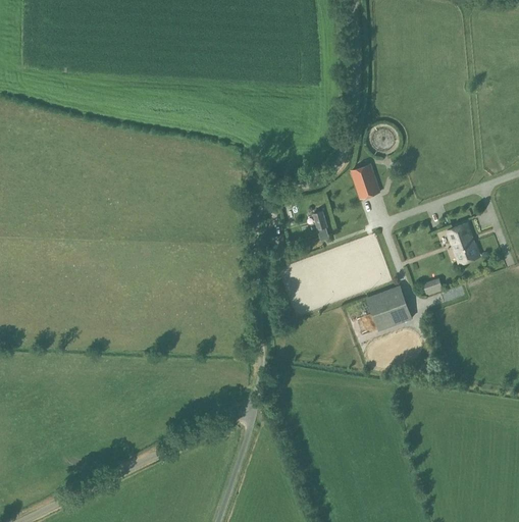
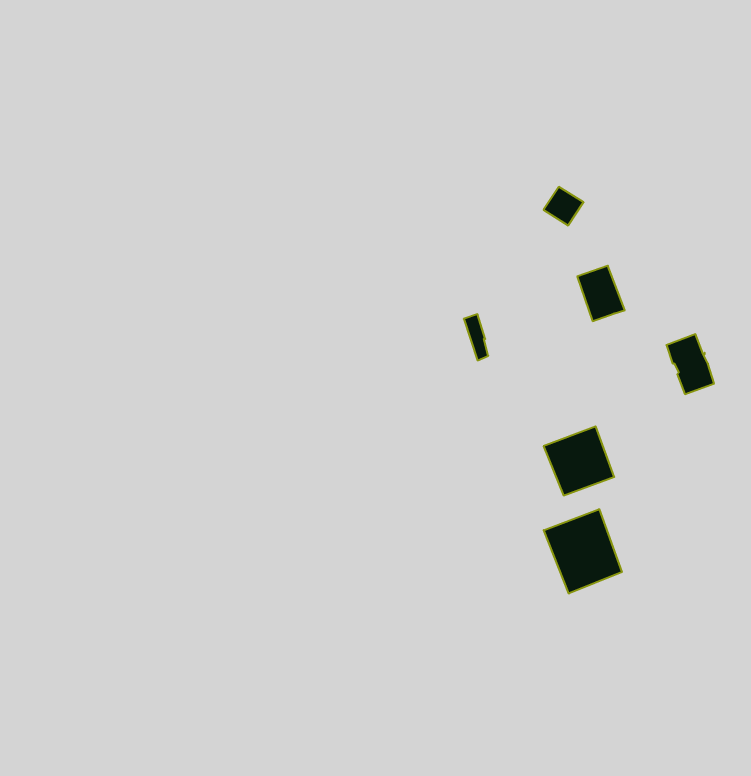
building: [349,163,380,200] -> [577,266,625,321]
building: none -> [544,509,622,594]

